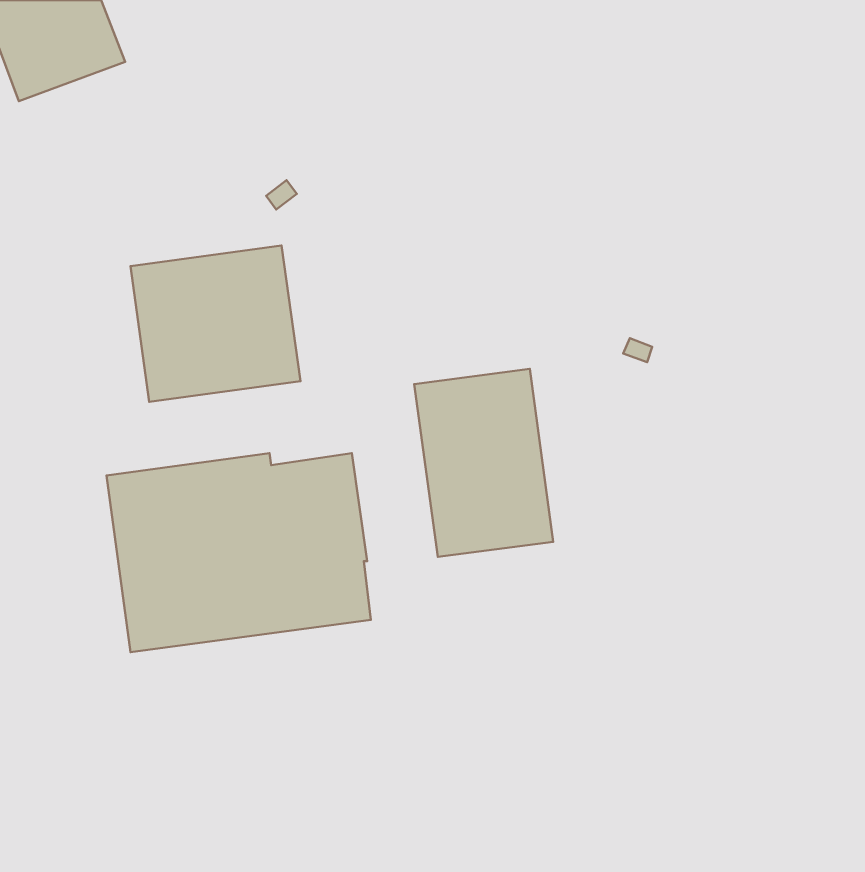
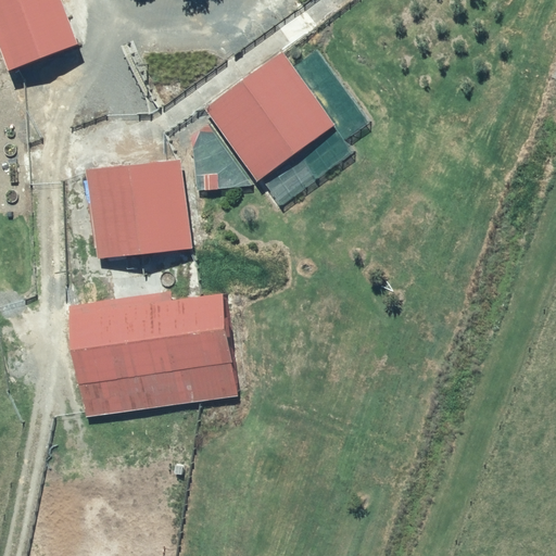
building: none -> [203,53,332,180]
building: [414,369,553,557] -> none

